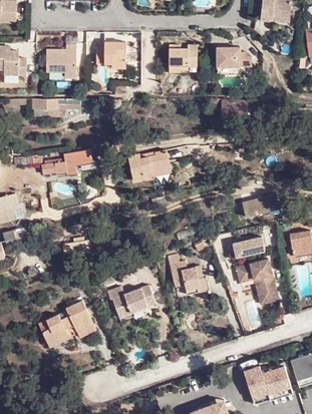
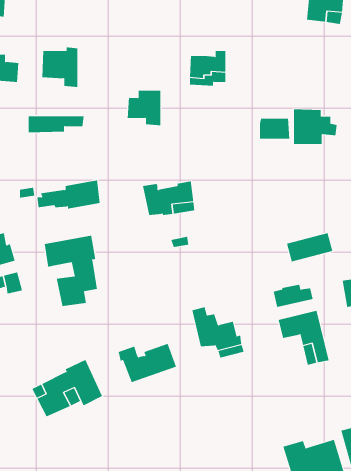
building: [95,39,123,68] -> [127,90,161,126]
building: [217,47,253,76] -> [293,109,337,144]
building: none -> [44,235,97,307]

